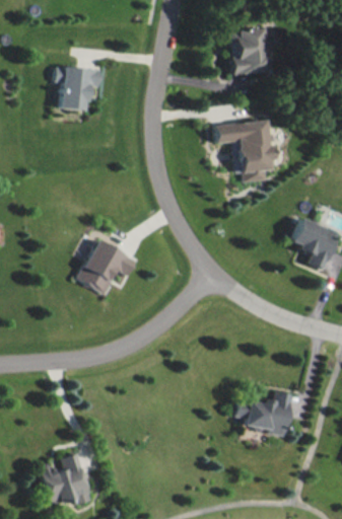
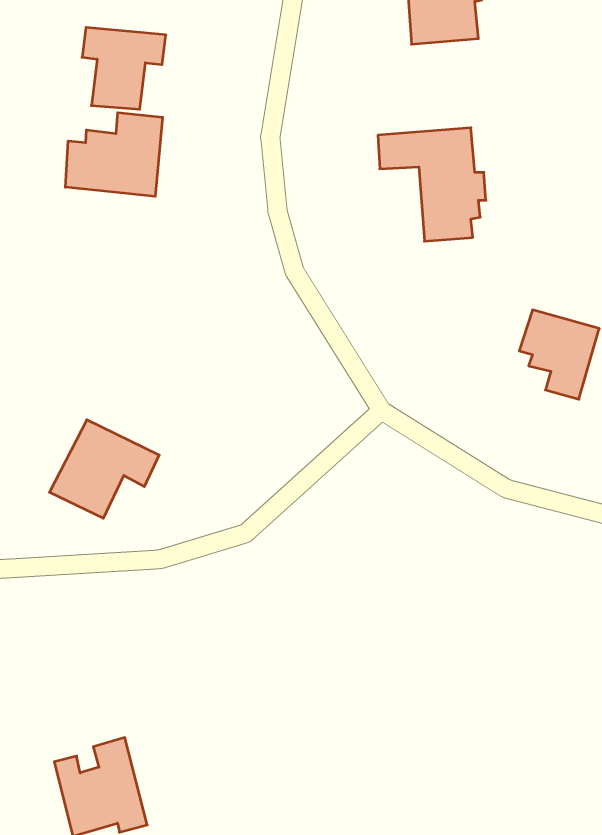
building: none -> [65,113,163,196]
building: [77,240,137,294] -> [49,420,159,518]
building: [237,392,291,436] -> none

